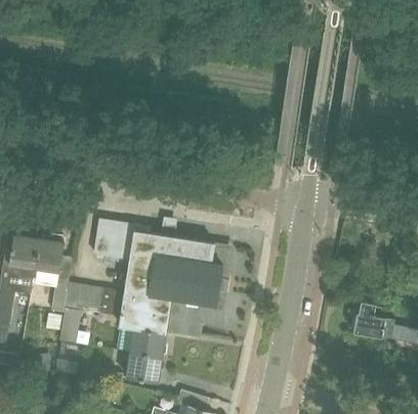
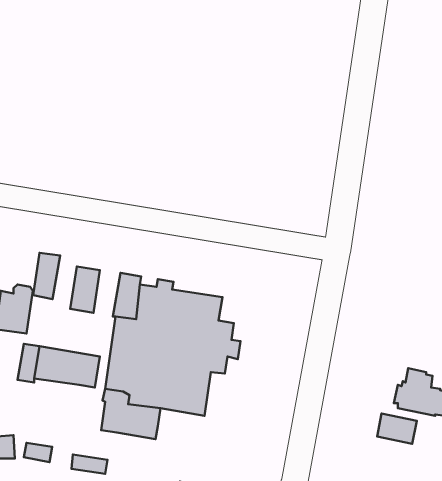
building: [113,223,134,260] -> [33,253,60,299]
building: [60,309,83,342] -> none
building: none -> [377,414,417,444]
building: [127,352,162,383] -> none

